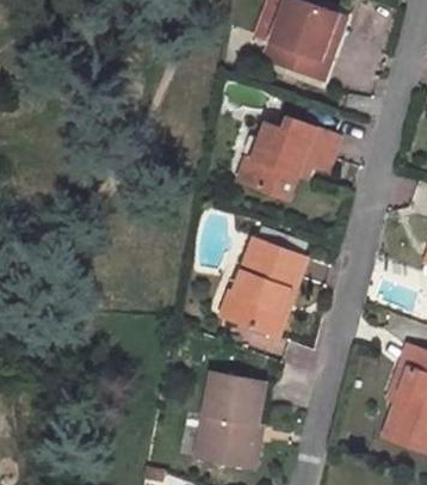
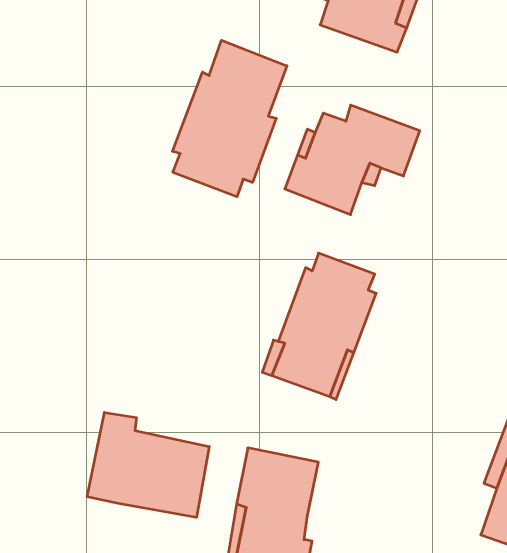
building: none -> [172,40,287,197]
building: none -> [87,412,209,517]

